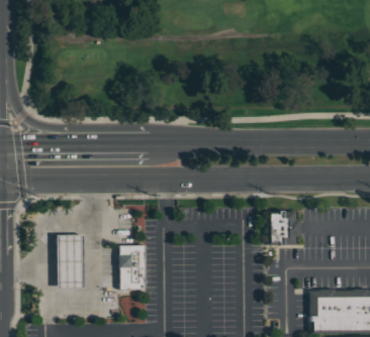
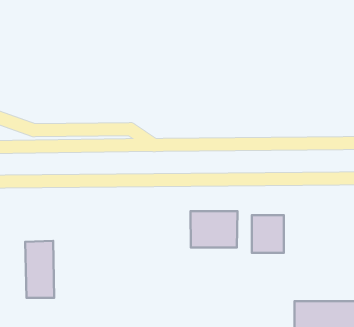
building: none -> [190,211,237,247]
building: [118,246,146,291] -> none

